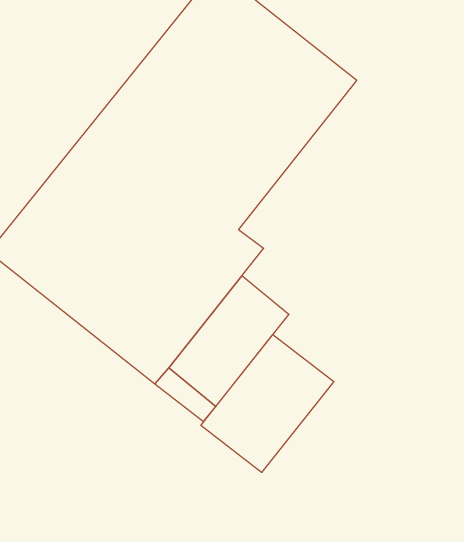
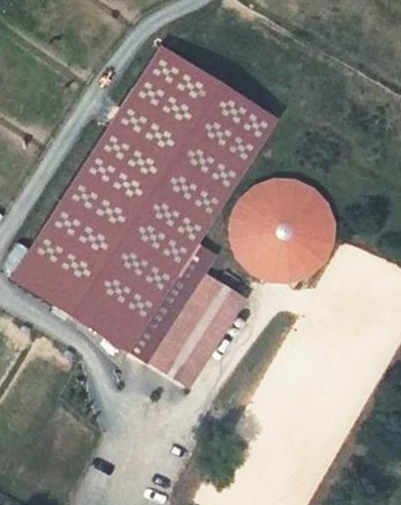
building: none -> [231,179,333,280]
building: [201,335,334,472] -> none

